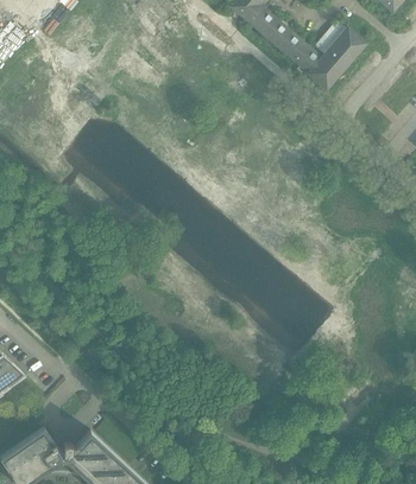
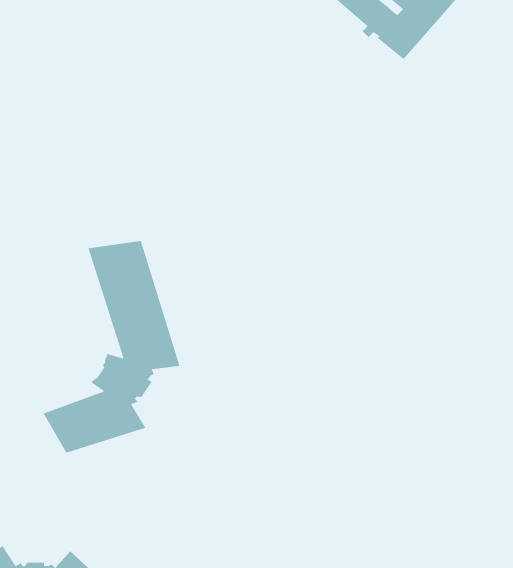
building: none -> [43,240,180,454]

